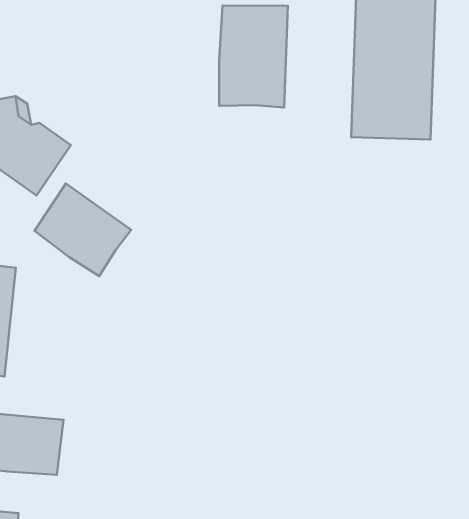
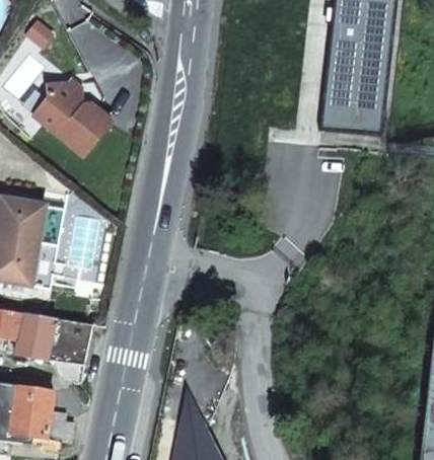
building: [219,6,288,108] -> none
building: [34,184,131,276] -> none

